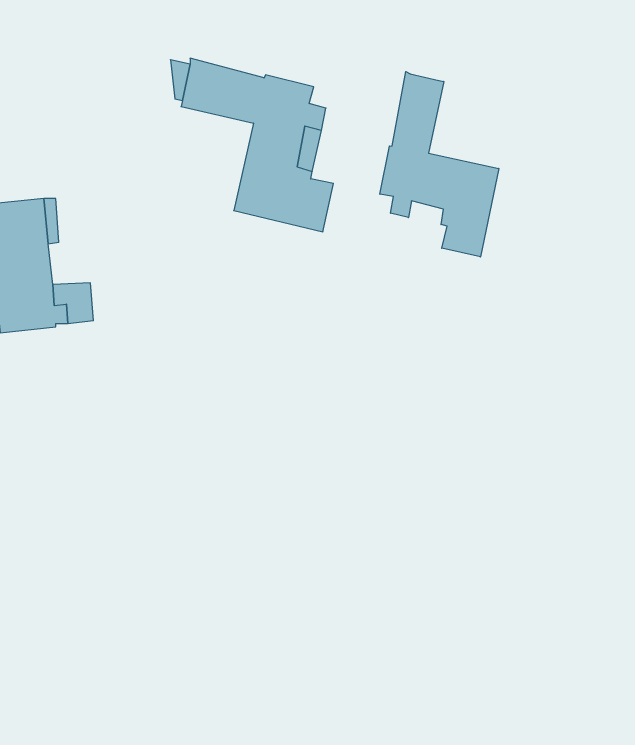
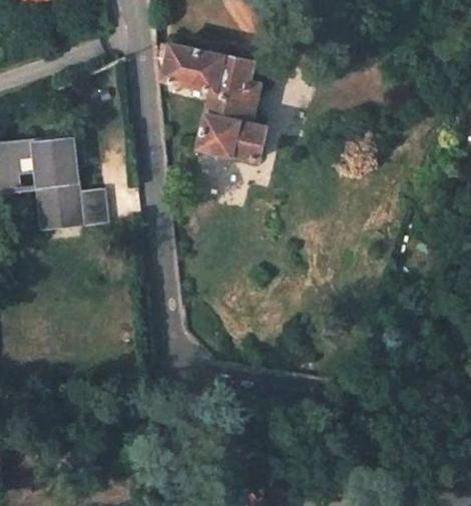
building: [380,72,499,257] -> none

